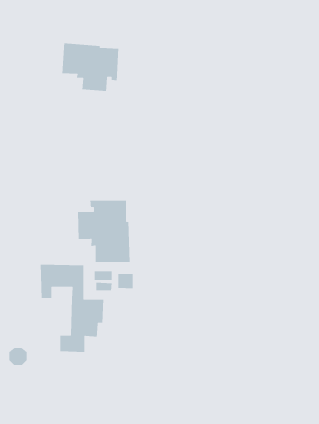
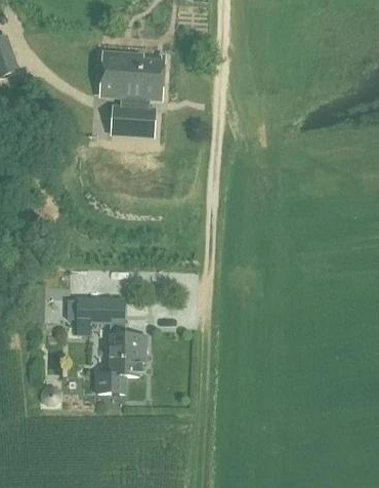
building: none -> [111,106,154,134]
building: [77,200,130,263] -> none

